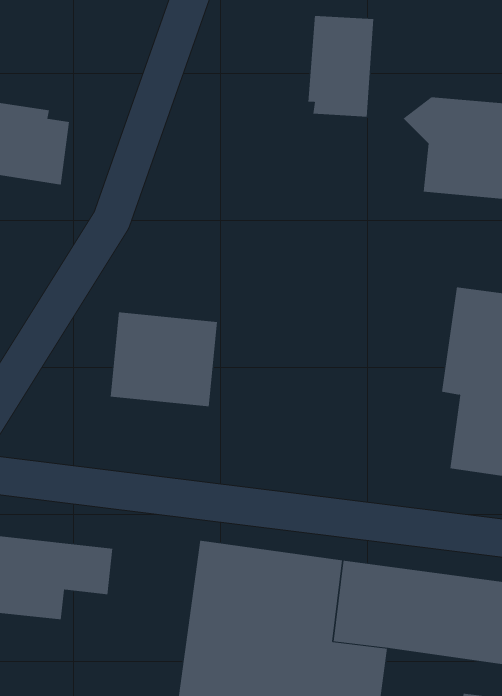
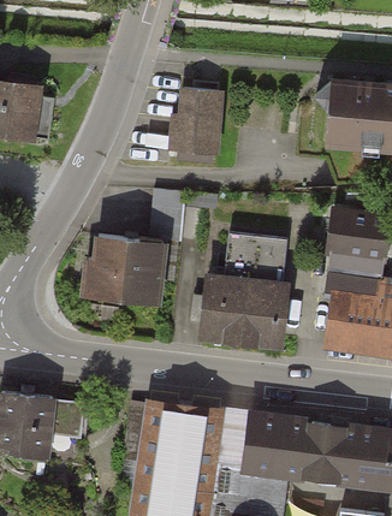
building: [307,16,374,117] -> [172,89,220,162]
building: none -> [149,190,183,242]
building: none -> [198,232,287,348]

